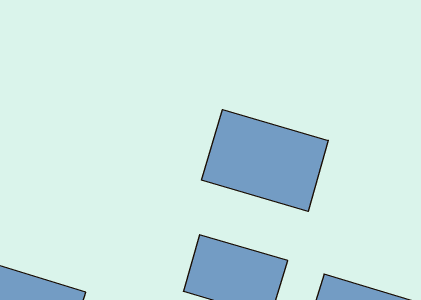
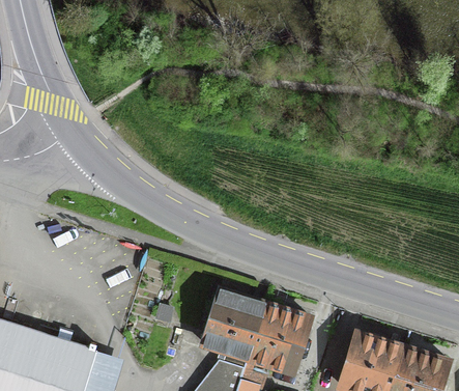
building: [201,110,328,211] -> none

